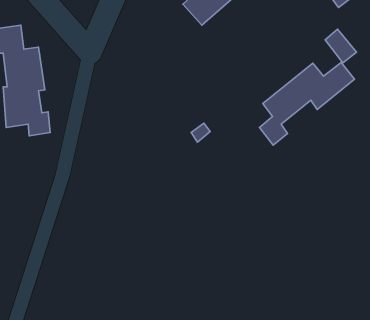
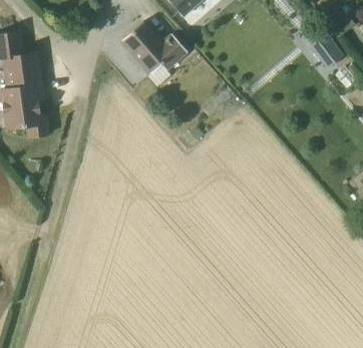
building: none -> [121,20,188,72]
building: [259,62,354,145] -> none

